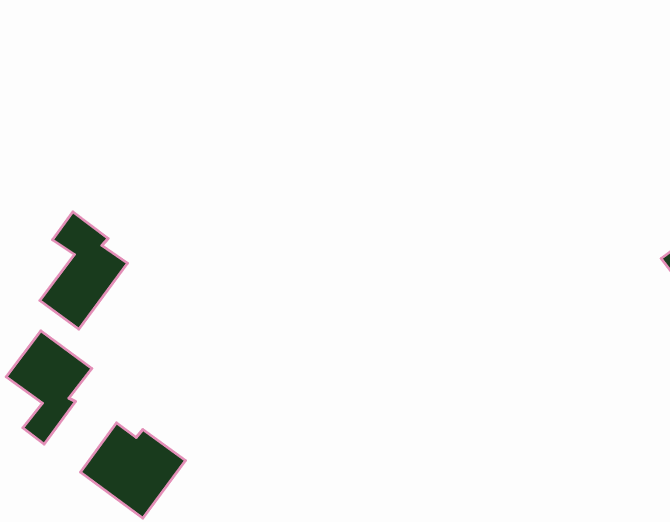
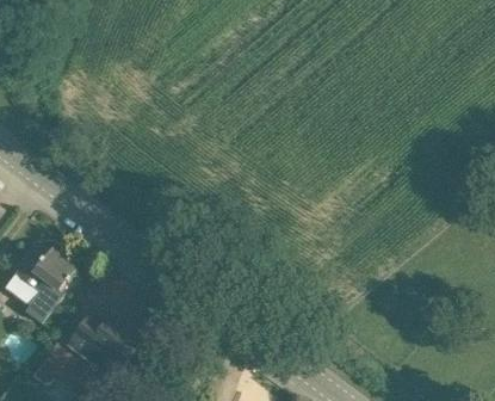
building: [40,212,128,329] -> none

